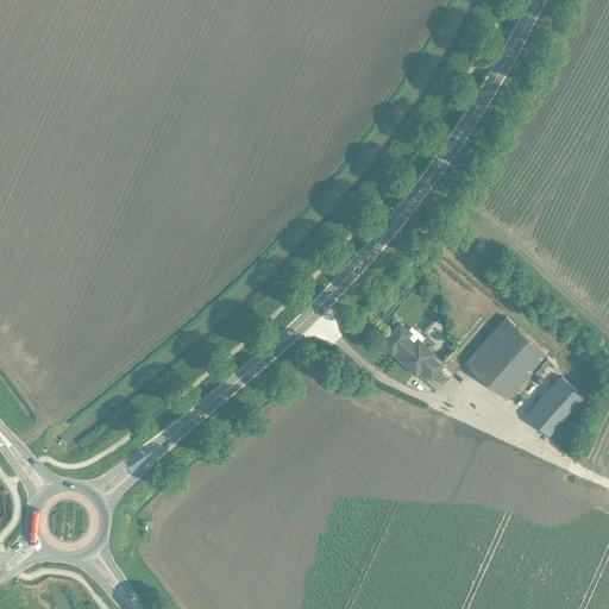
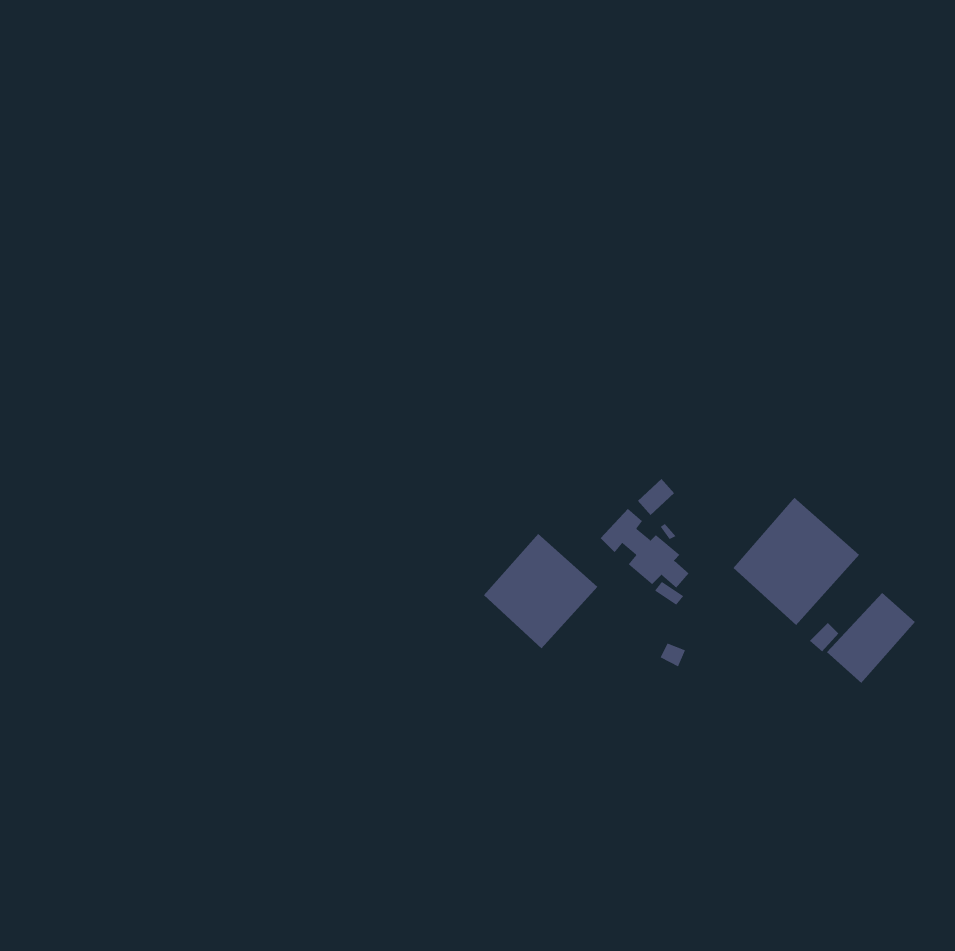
building: none -> [483,533,598,649]

